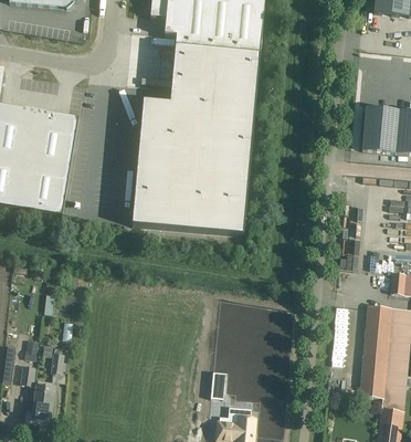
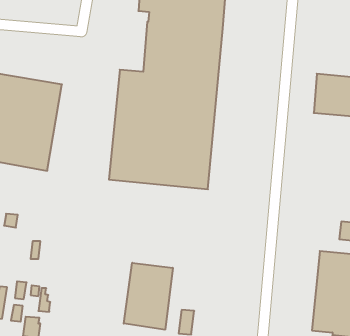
building: none -> [124,263,173,330]

